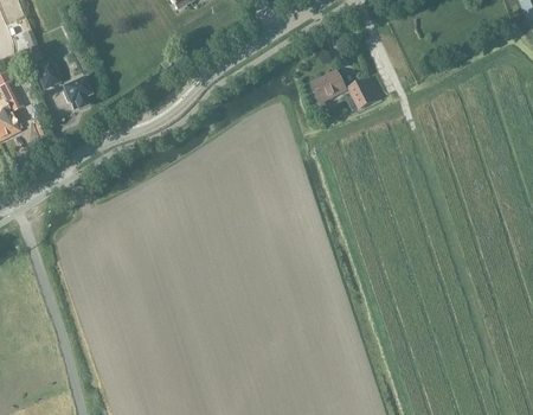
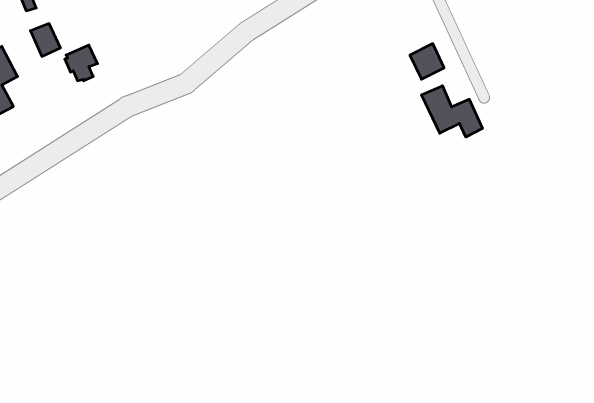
building: [312,69,343,97] -> none
building: none -> [422,86,482,137]

